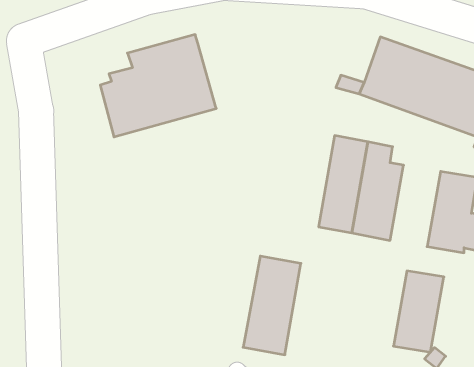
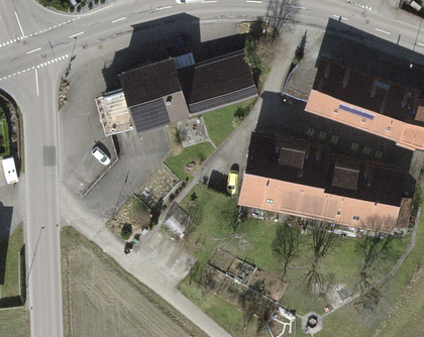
building: none -> [175,55,255,114]
building: [243,256,301,355] -> [239,130,287,211]
building: [393,271,444,352] -> [332,160,374,227]

